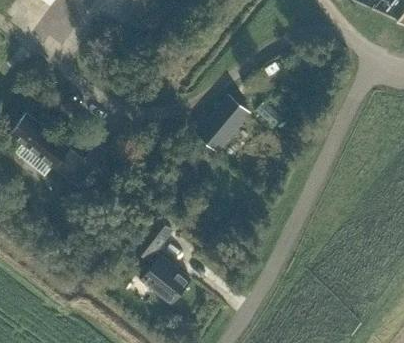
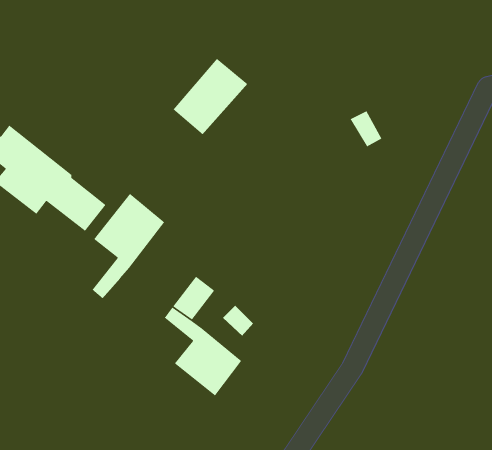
building: [197,97,250,151] -> [172,58,248,135]
building: none -> [91,193,165,299]

